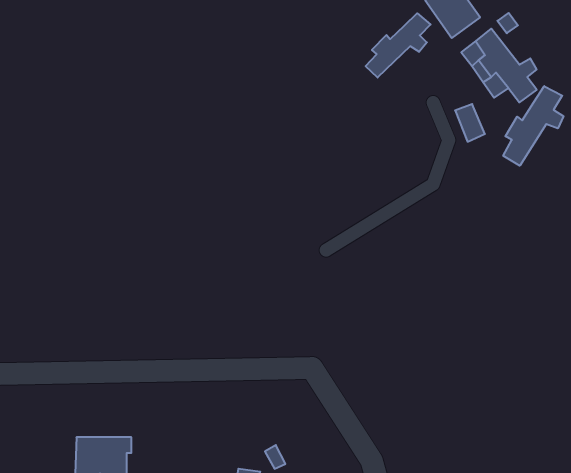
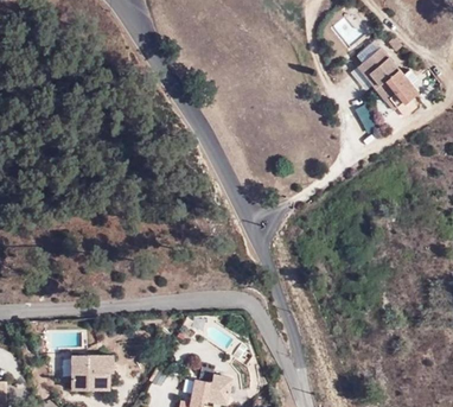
building: [366,13,431,78] -> none
building: [503,86,563,166] -> none

